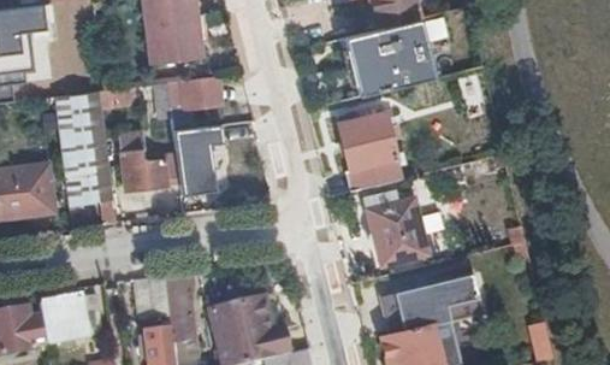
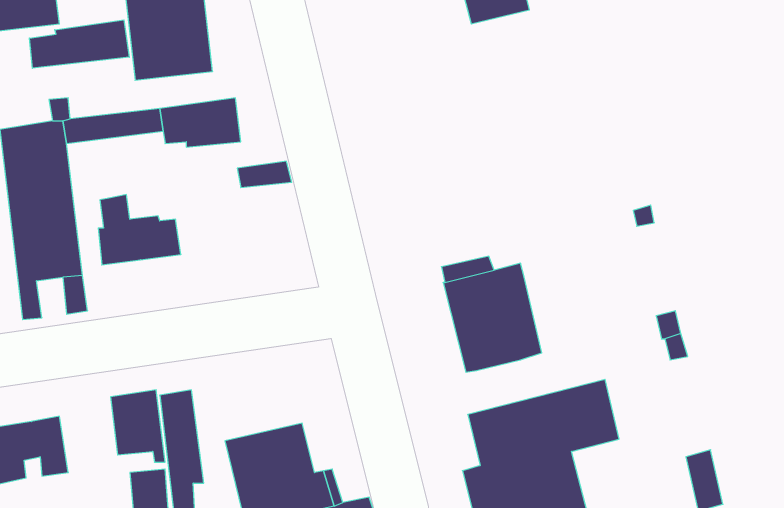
building: [344,17,434,93] -> none
building: none -> [29,20,129,68]
building: [334,110,397,188] -> none
building: [173,128,211,196] -> none

